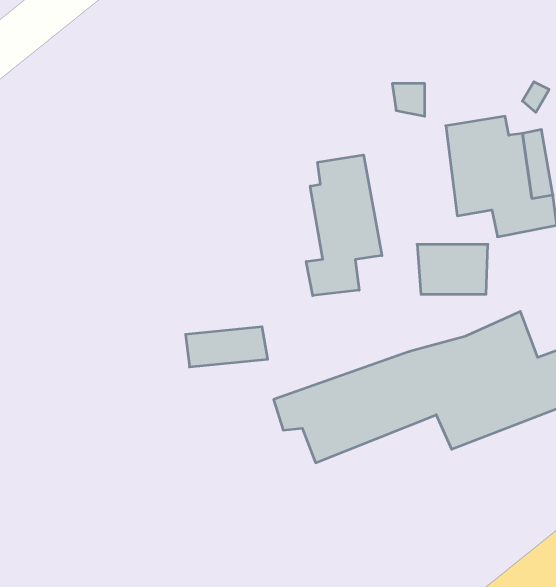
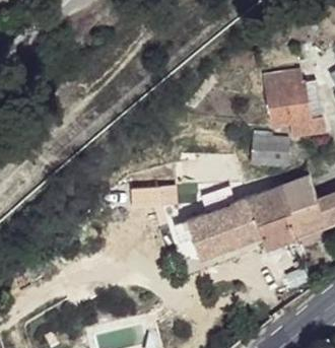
building: [306,155,382,296] -> none

